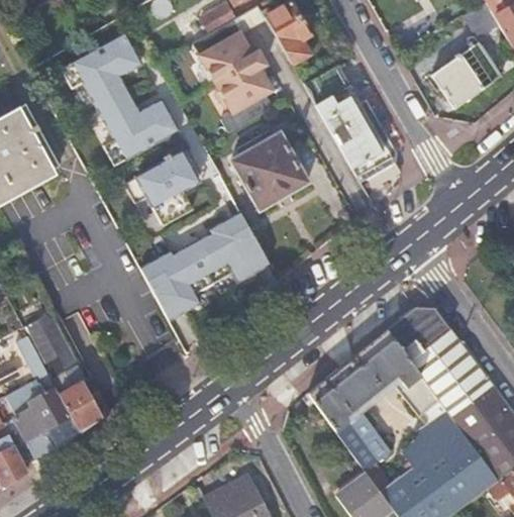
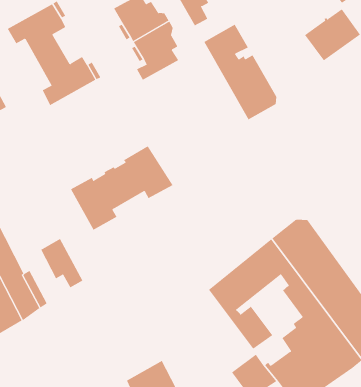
building: [231,133,308,209] -> none
building: [124,149,197,223] -> none
building: none -> [40,238,83,288]

